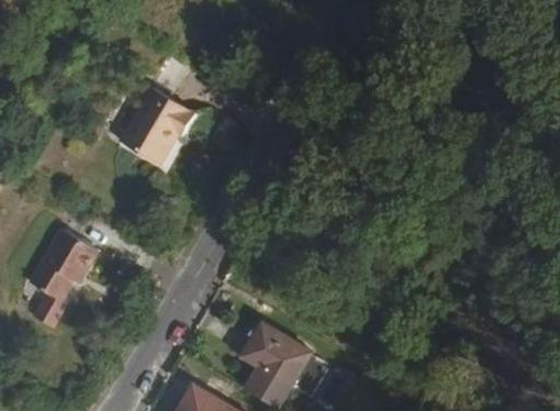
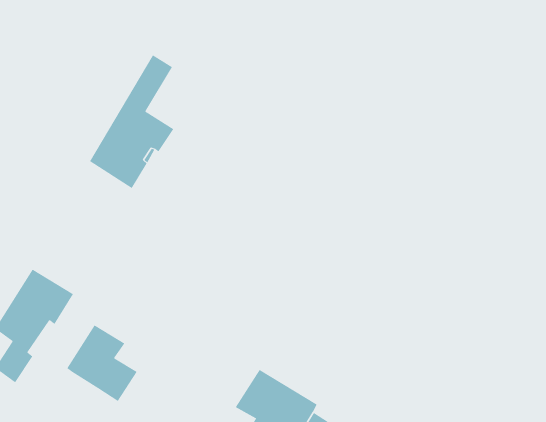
building: none -> [66,325,137,402]

